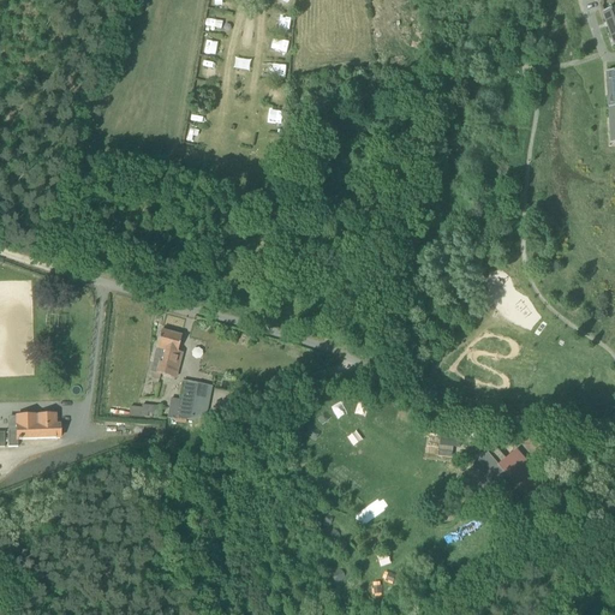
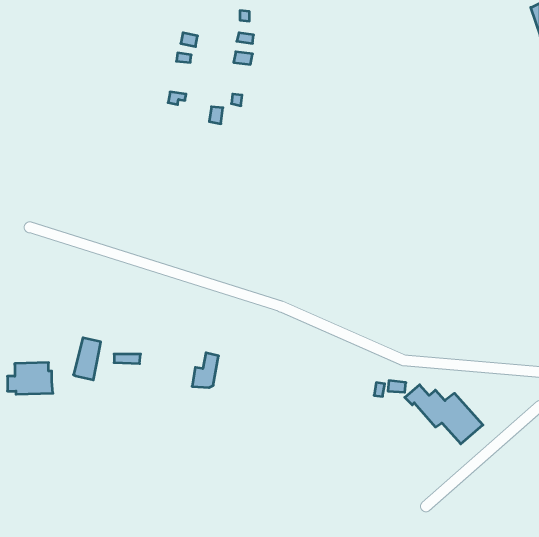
building: [151,327,183,375] -> [73,338,101,380]
building: [168,378,198,418] -> [192,353,219,388]

